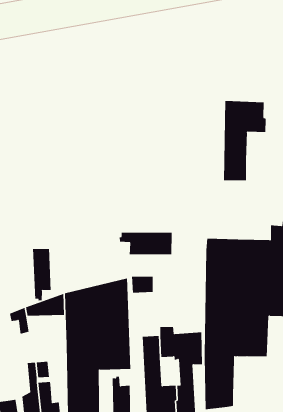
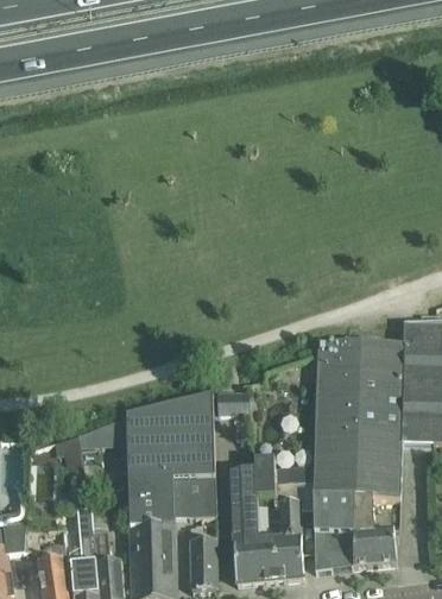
building: [224,100,266,181] -> none
building: [119,232,172,255] -> none
building: [33,248,51,301] -> none
building: none -> [354,498,396,565]

